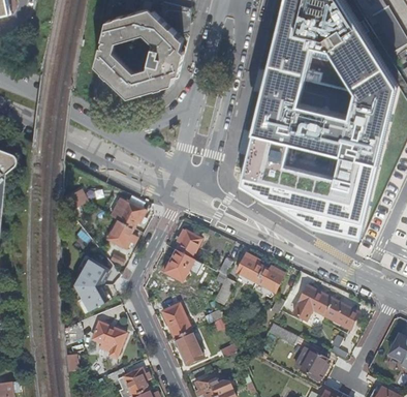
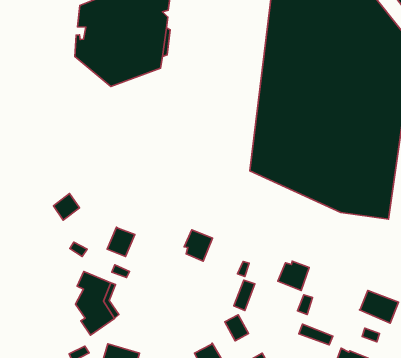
building: [118,200,144,227] -> none
building: [165,249,191,276] -> none
building: [237,253,263,282] -> none
building: [292,285,334,320] -> none
building: [162,304,191,338] -> none

